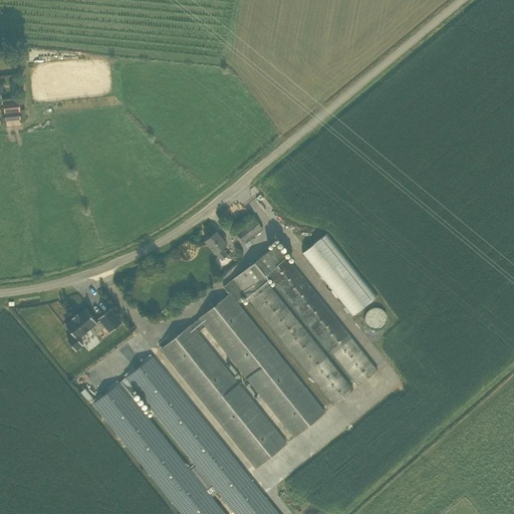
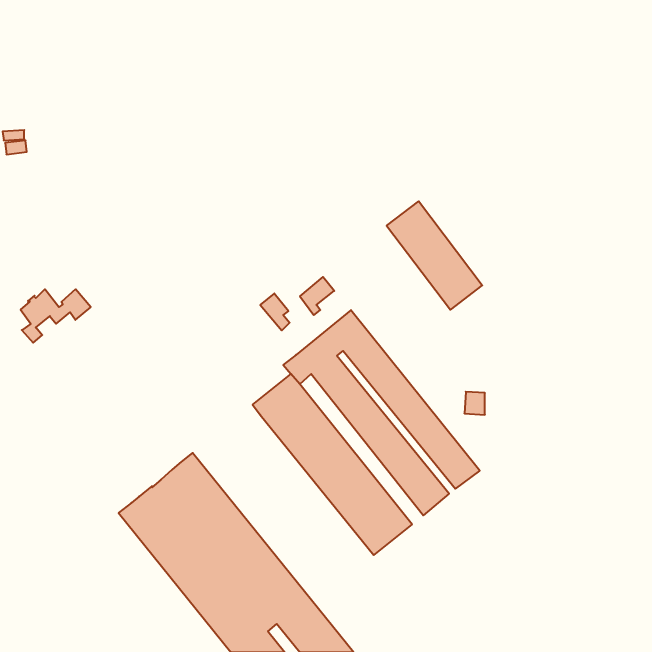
building: [301,231,376,316] -> [387,201,482,310]
building: [66,308,121,350] -> [21,289,91,343]
building: [161,318,287,468] -> none

